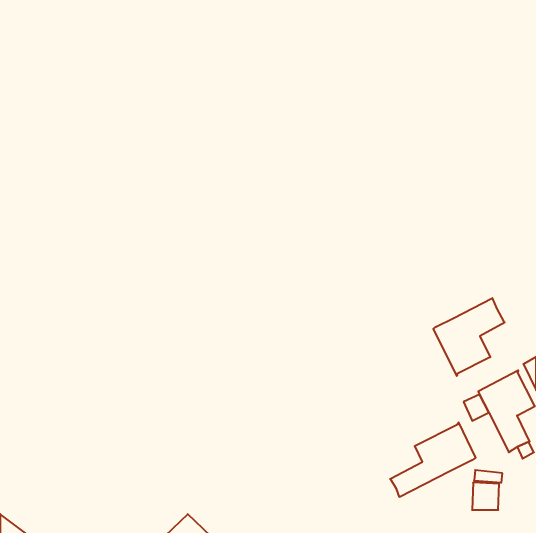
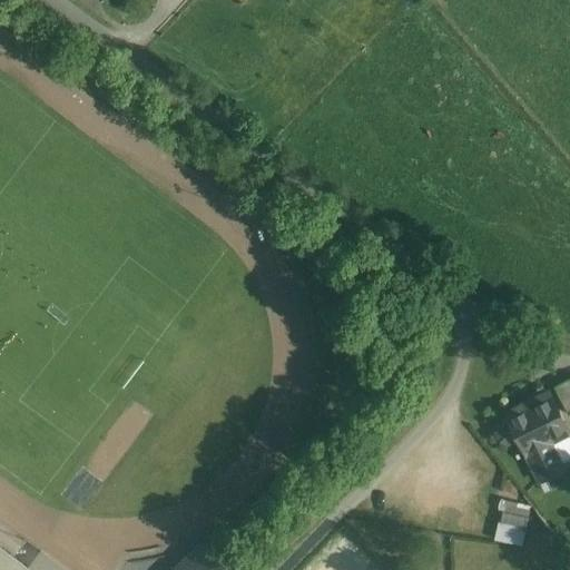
building: [433,298,505,376] -> none
building: [390,422,476,497] -> none

